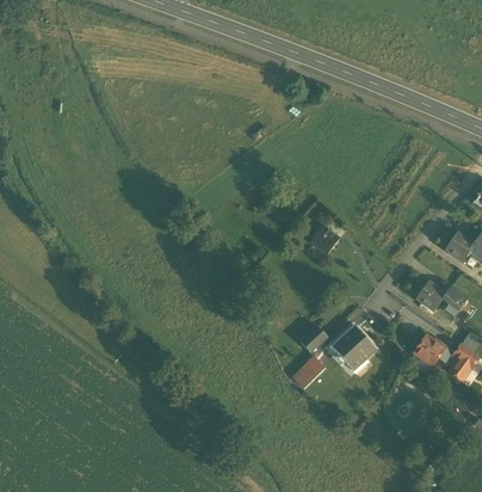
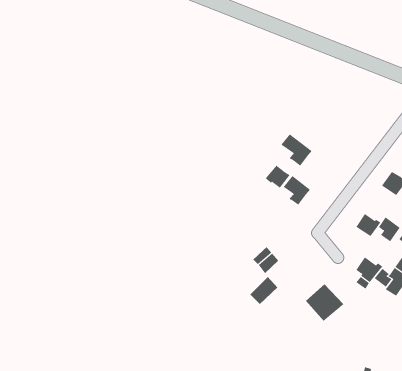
building: none -> [281,134,312,166]
building: none -> [283,175,311,206]
building: [332,326,377,370] -> [305,283,344,322]

